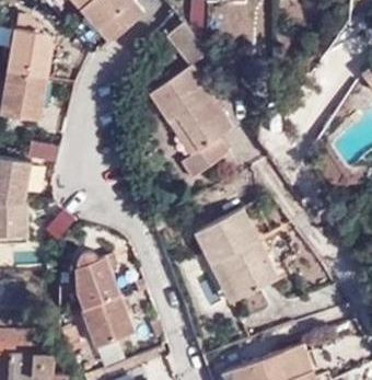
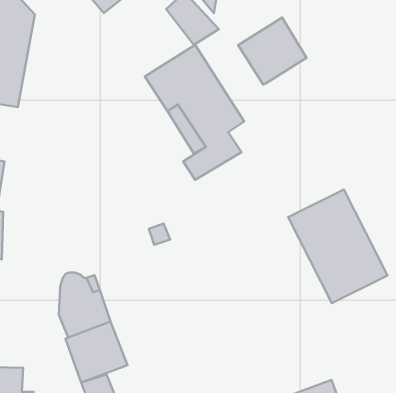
building: none -> [238,18,306,85]
building: [193,209,275,303] -> [288,189,387,303]

